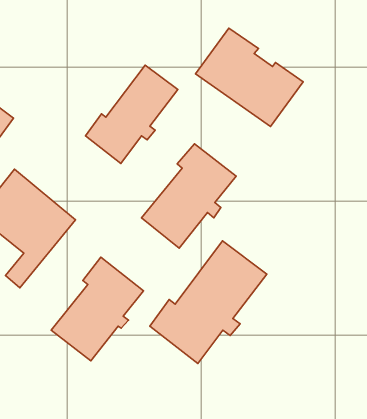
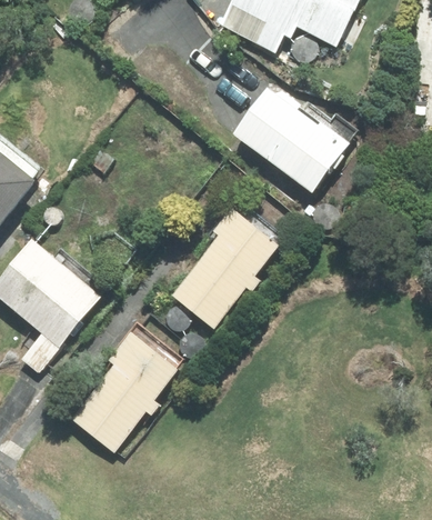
building: [85,65,178,163] -> none
building: [150,241,267,363] -> none

